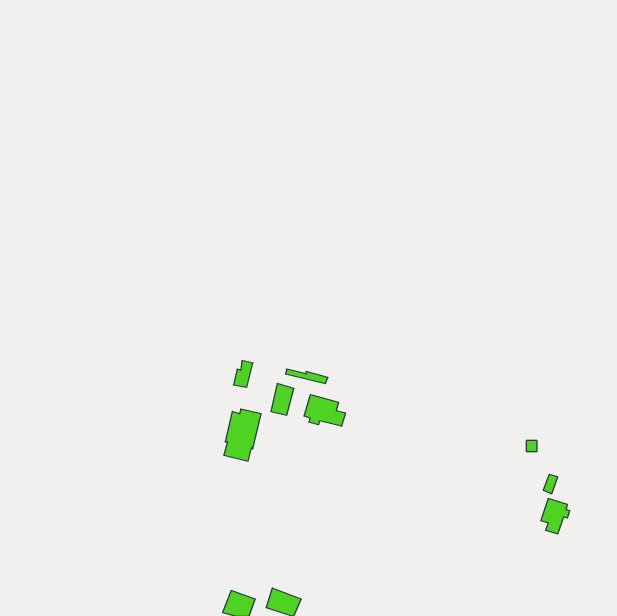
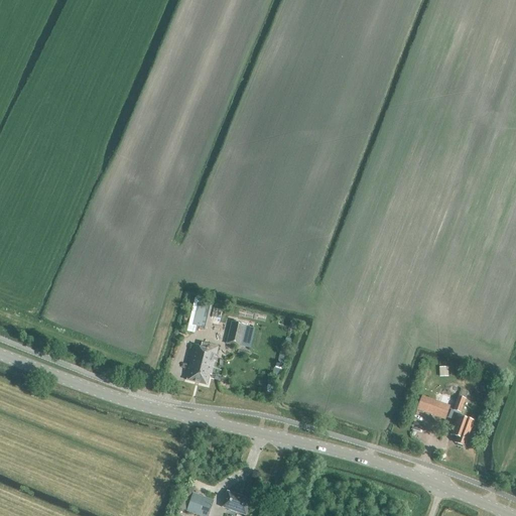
building: [304,395,346,426] -> none
building: none -> [417,394,450,418]

